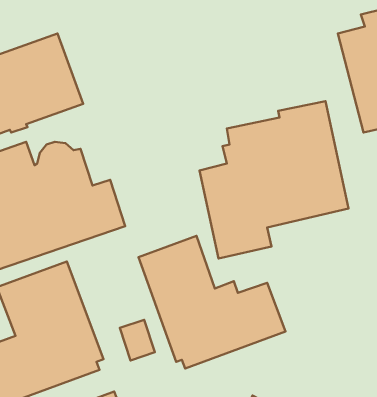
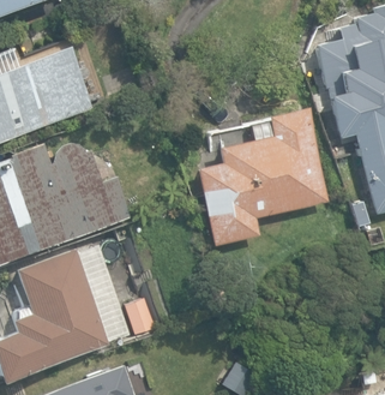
building: [139,236,286,368] -> none

